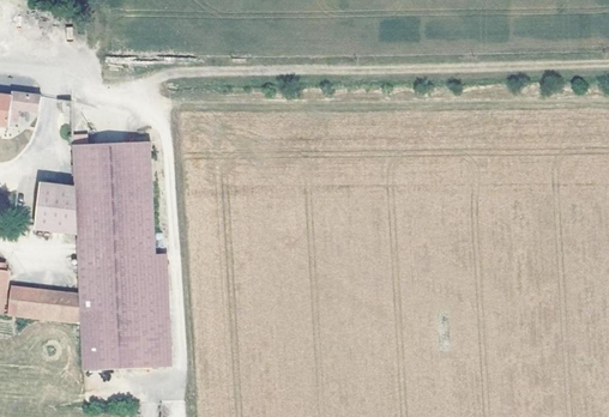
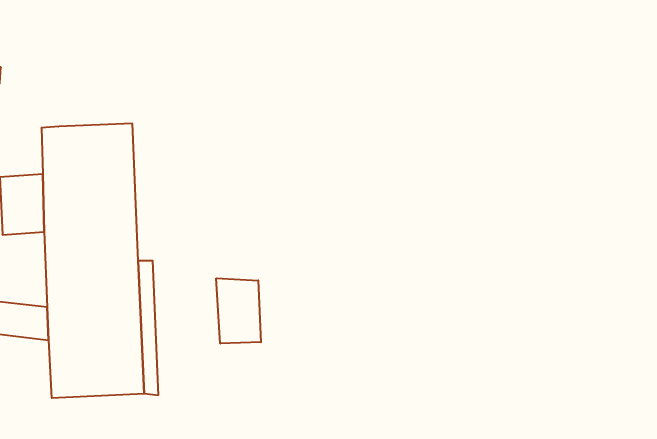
building: none -> [216,278,261,344]

